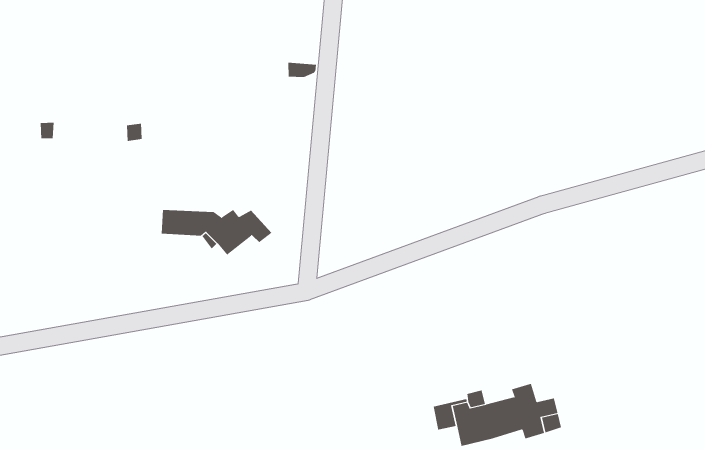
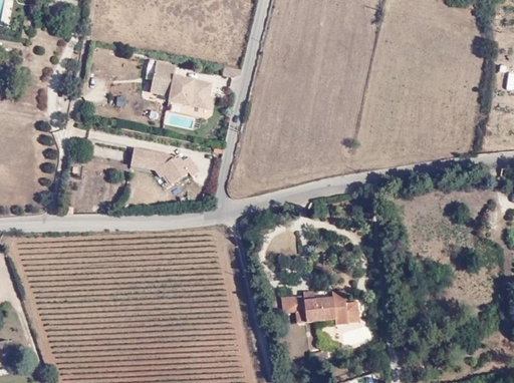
building: none -> [150,62,211,108]

